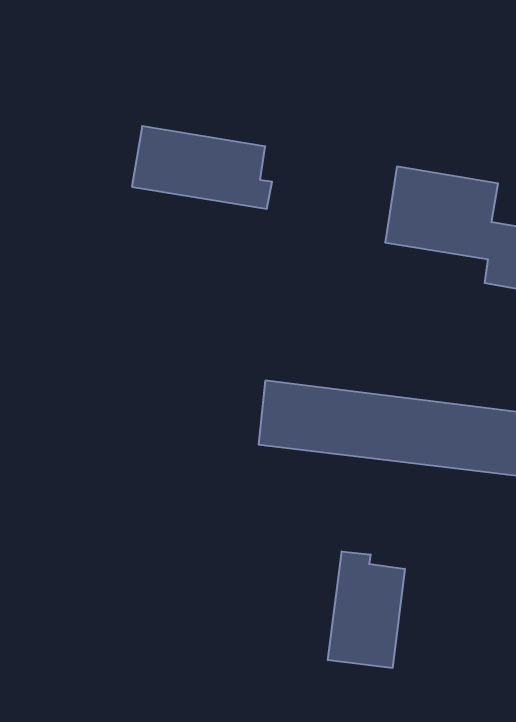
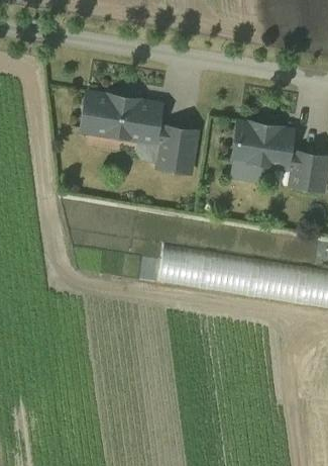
building: none -> [156,126,195,171]
building: [328,551,405,668] -> none

